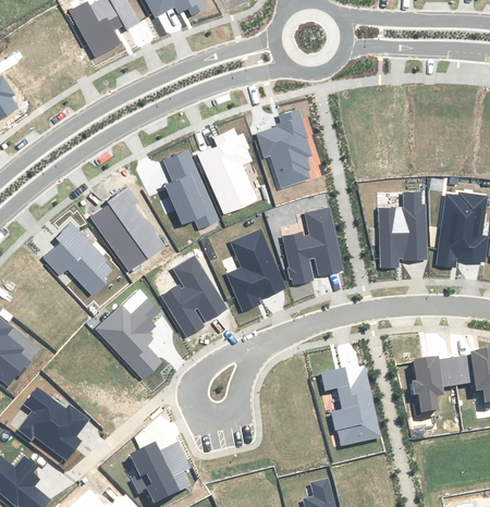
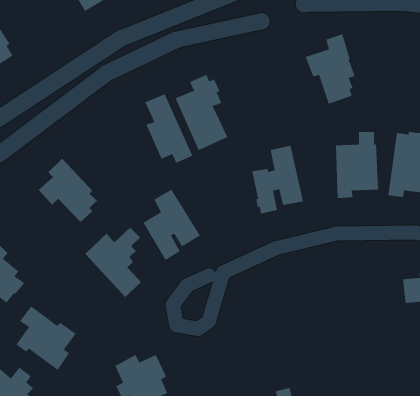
building: [255,109,311,188] -> [305,34,355,105]
building: [90,188,162,271] -> none
building: [226,228,284,311] -> none
building: [414,356,455,410] -> none
building: [321,366,380,445] -> none

